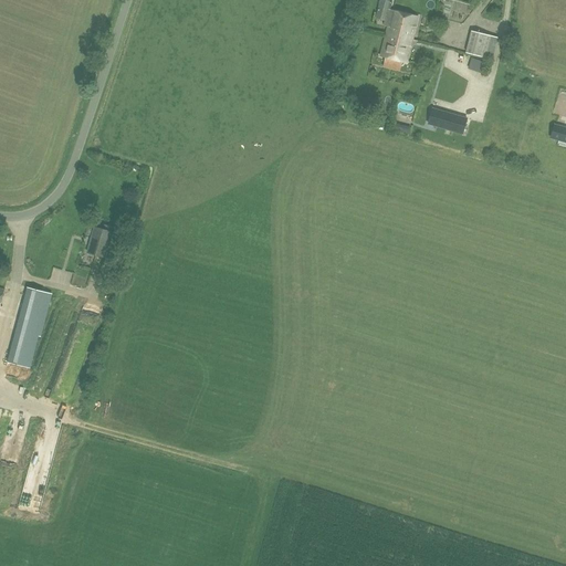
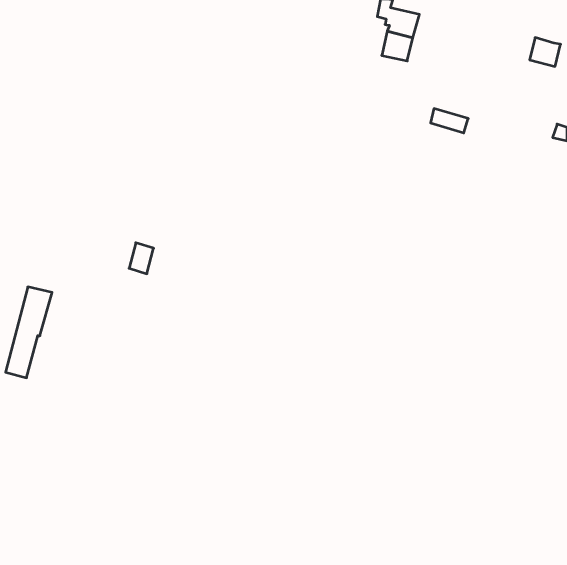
building: [467,30,497,59] -> [530,38,561,66]
building: [87,226,112,256] -> [129,243,154,274]

